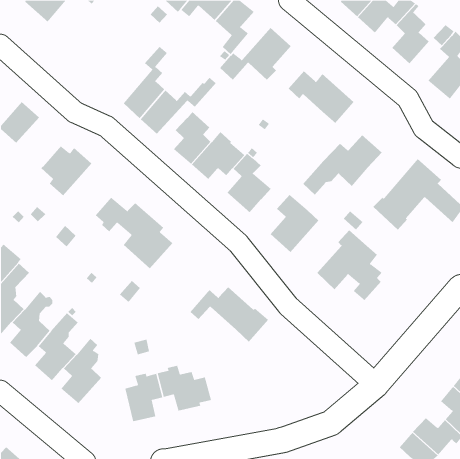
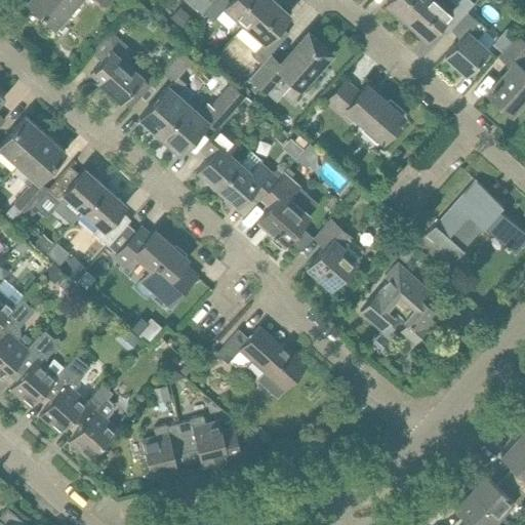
building: none -> [93,34,152,111]
building: none -> [14,136,66,215]
building: [303,135,382,195] -> none
building: none -> [85,189,131,247]

